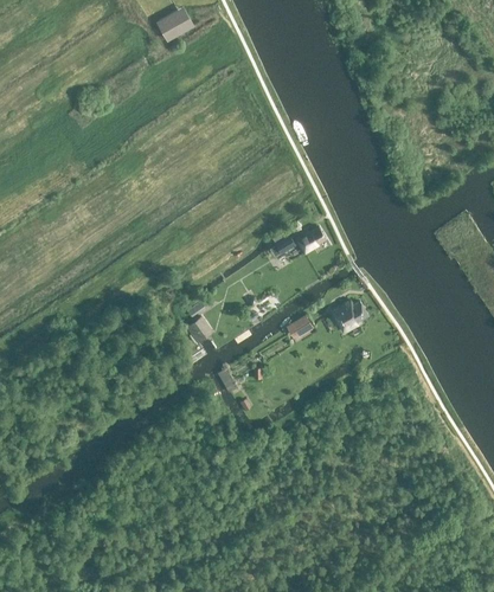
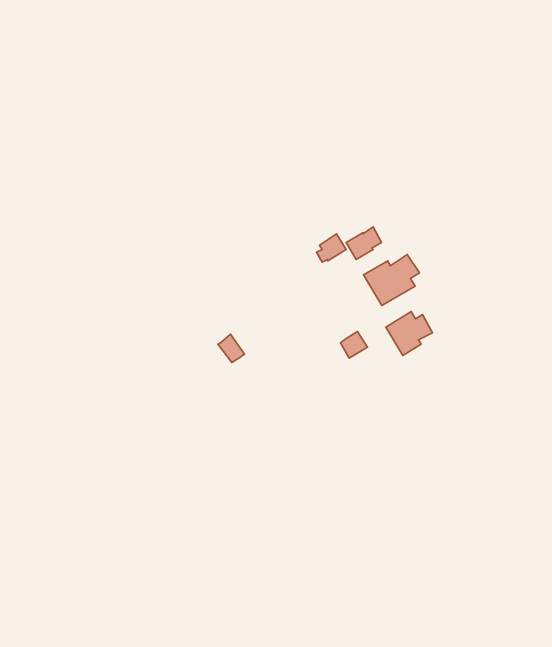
building: none -> [364,254,420,305]

